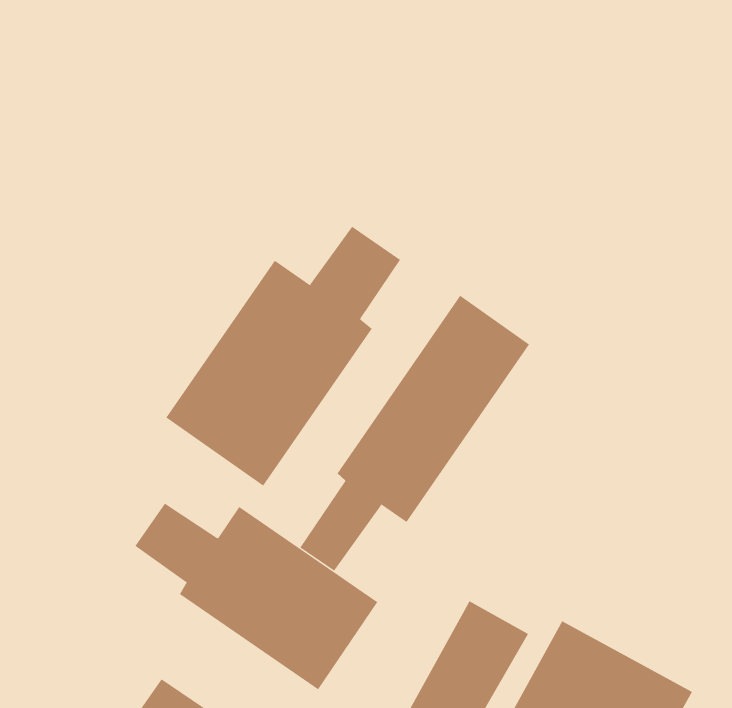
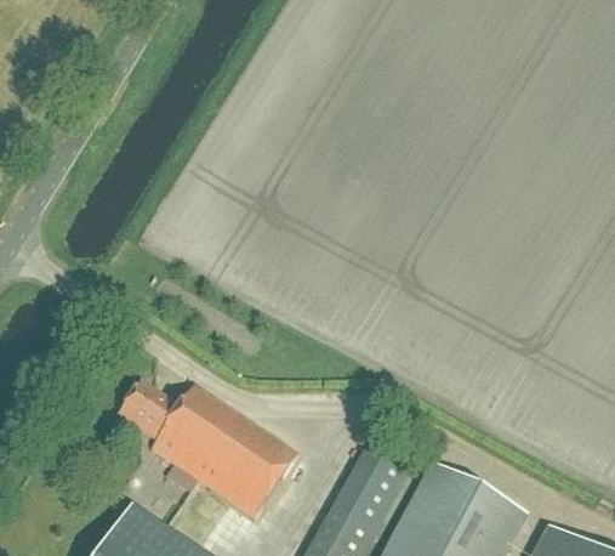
building: [166,226,401,487] -> none
building: [299,295,530,572] -> none

